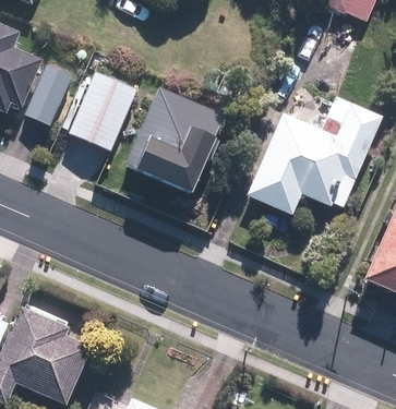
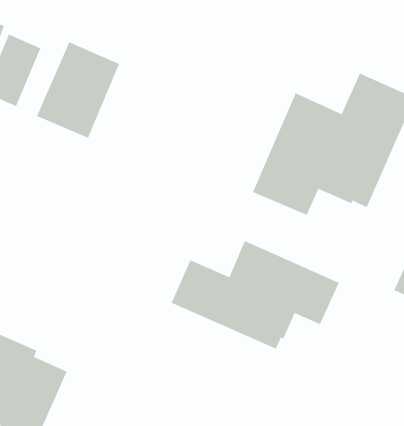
building: [124,85,230,195] -> none
building: none -> [171,240,339,350]

